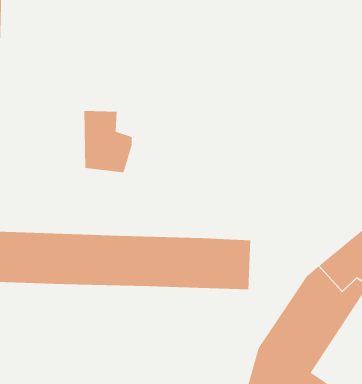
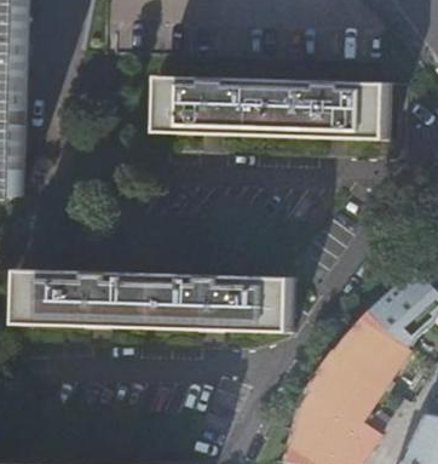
building: none -> [157,78,388,139]
building: [83,110,133,173] -> none

